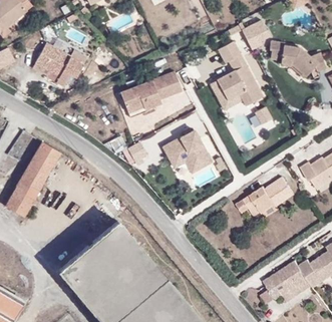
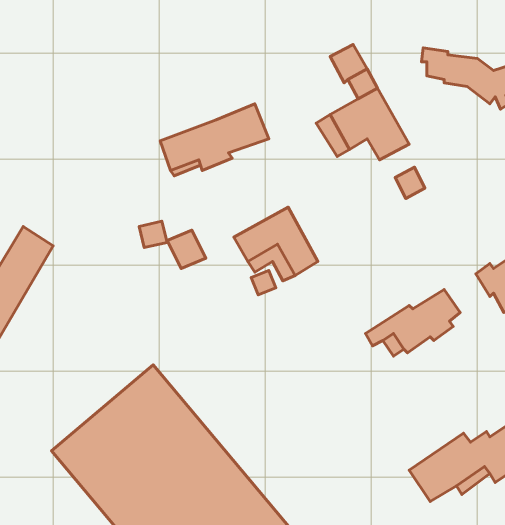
building: [241,20,270,47] -> none
building: [35,43,86,87] -> none

